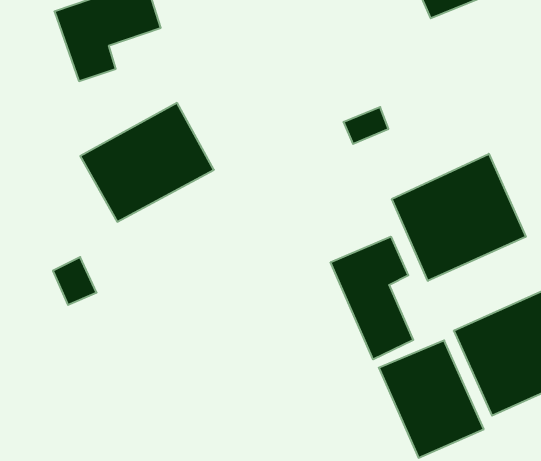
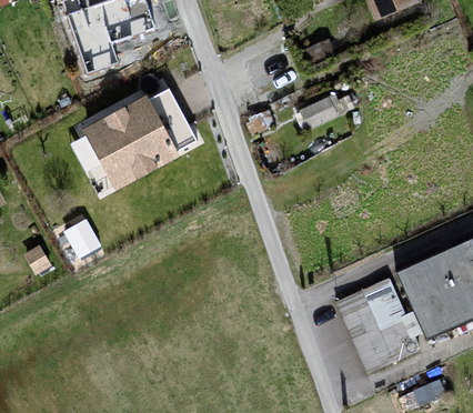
building: [392,154,526,281] -> none
building: [331,237,413,359] -> none

